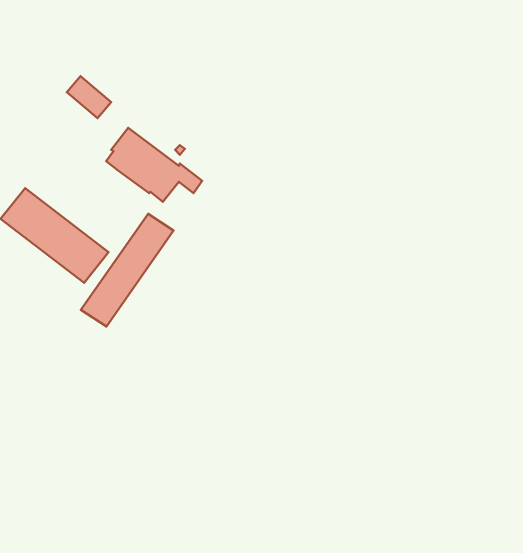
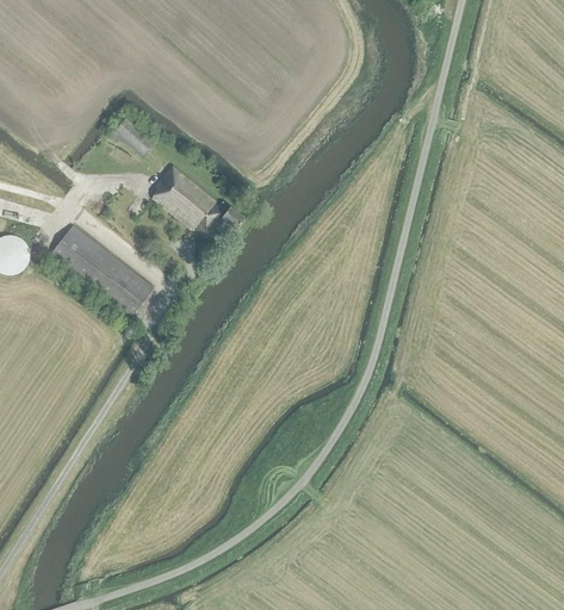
building: [81,214,174,327] -> none

